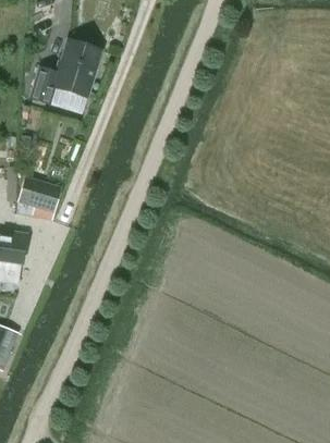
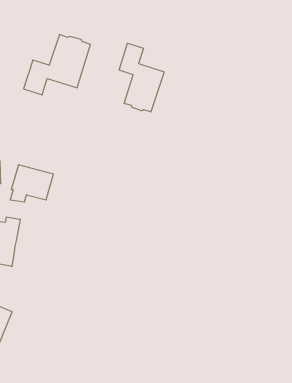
building: none -> [119,43,164,112]

